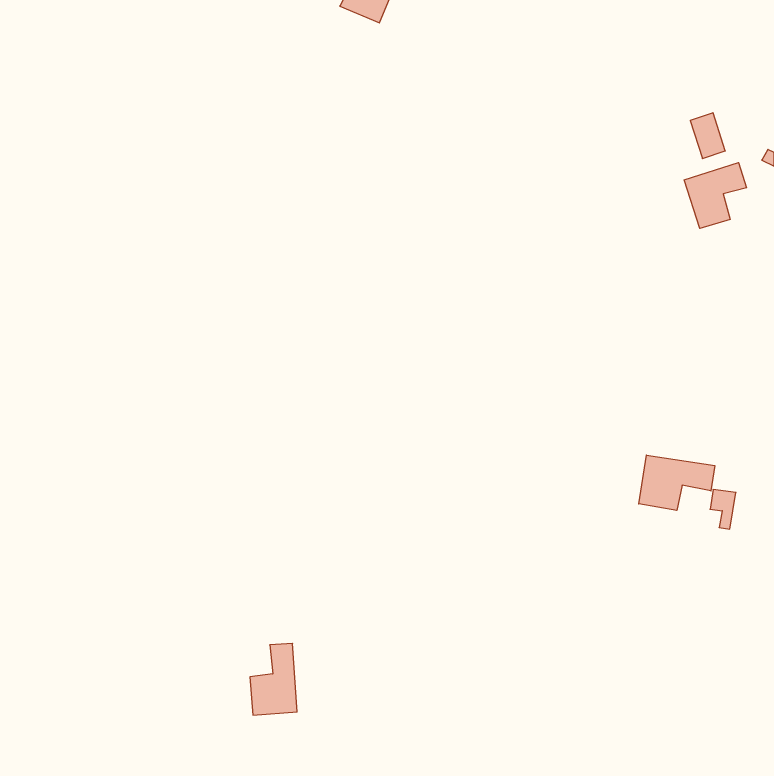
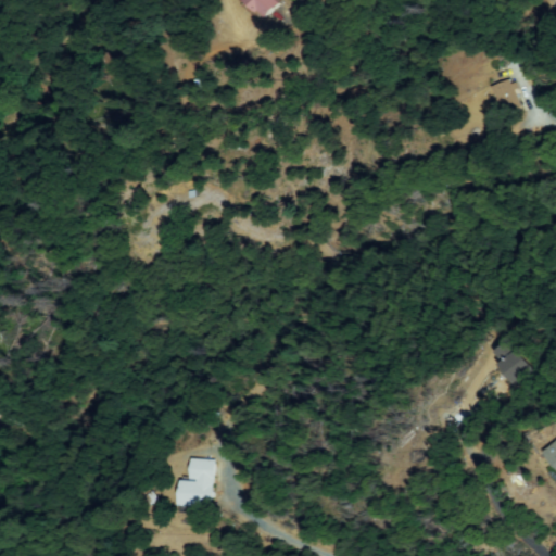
building: [684,163,747,228] -> none
building: [639,455,715,510] -> none

